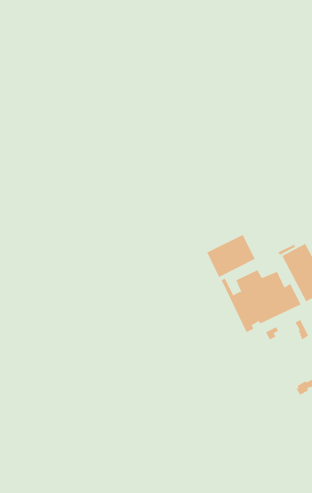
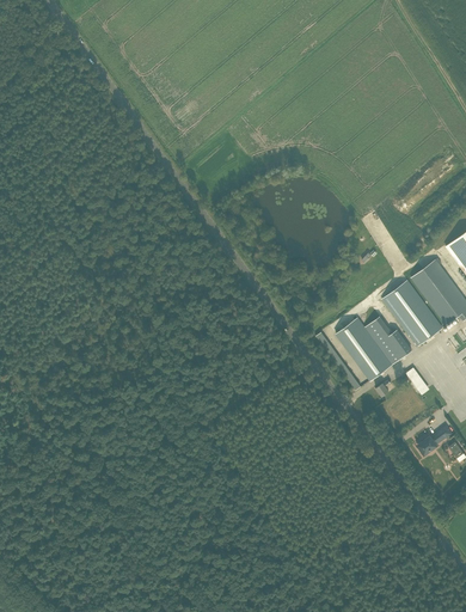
building: [207,234,255,278] -> none

